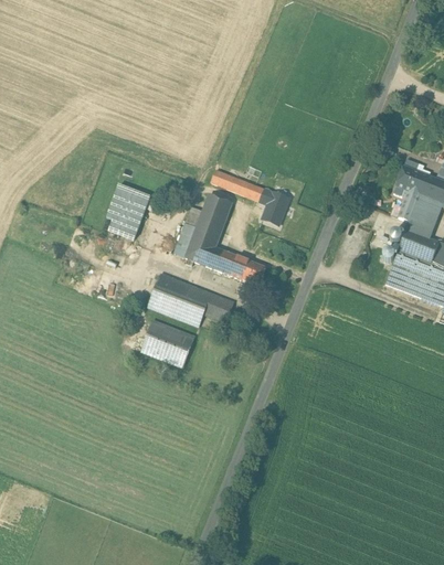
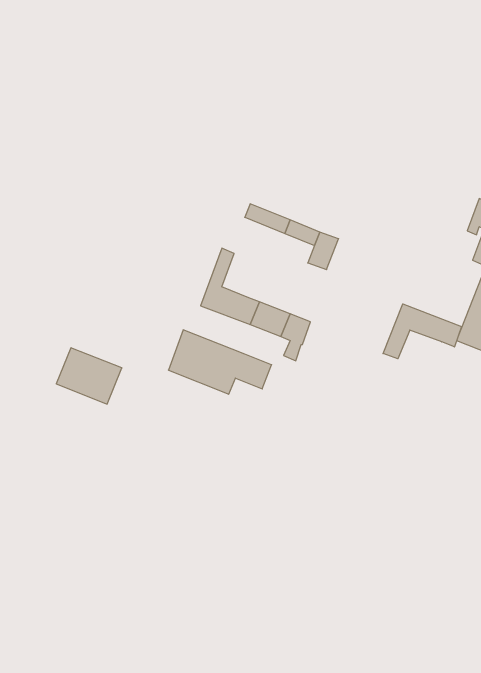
building: [109,184,155,239] -> none
building: [192,194,232,247] -> none
building: none -> [383,304,461,359]
building: [140,320,194,366] -> [56,348,122,404]

